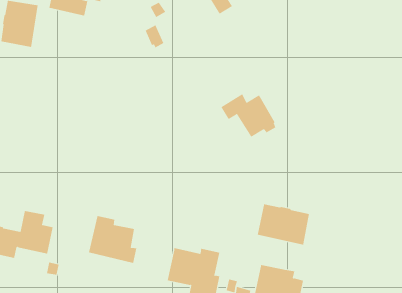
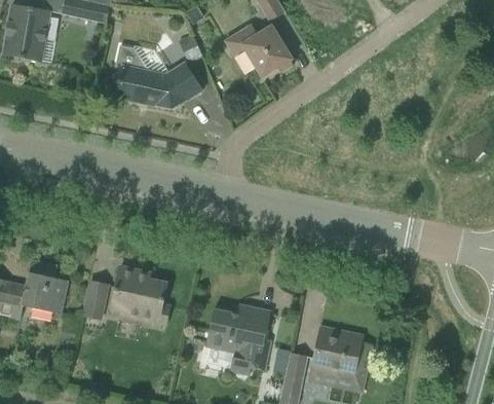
building: none -> [113,45,202,109]
building: [221,94,276,137] -> [225,24,293,77]
building: [257,204,310,246] -> none
building: none -> [82,281,108,320]

